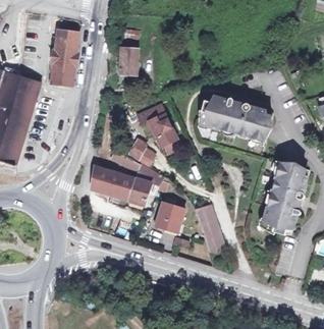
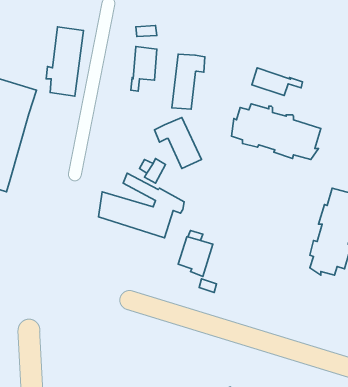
building: none -> [172,54,205,109]
building: none -> [252,68,302,95]
building: [194,202,223,253] -> none

